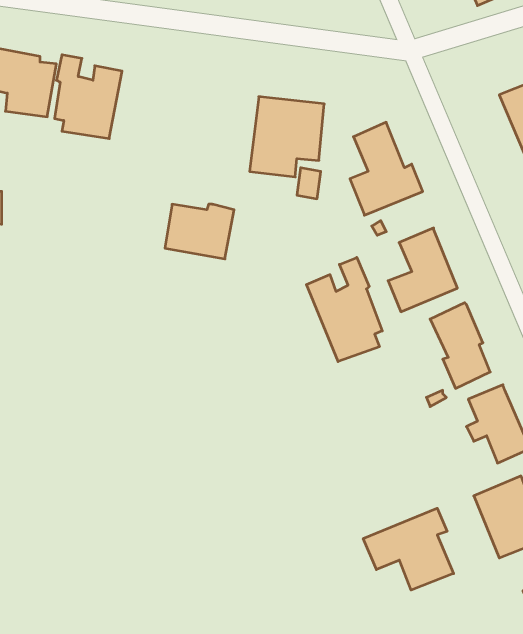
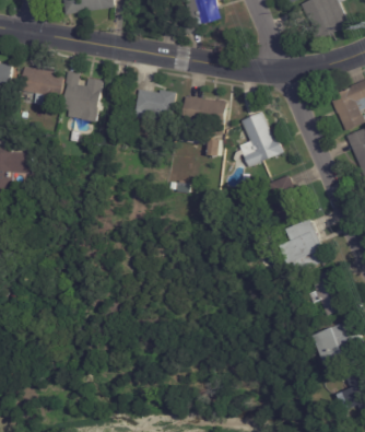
building: [165,204,234,259] -> [133,89,175,121]
building: [306,257,382,362] -> none
building: [363,508,454,590] -> none

